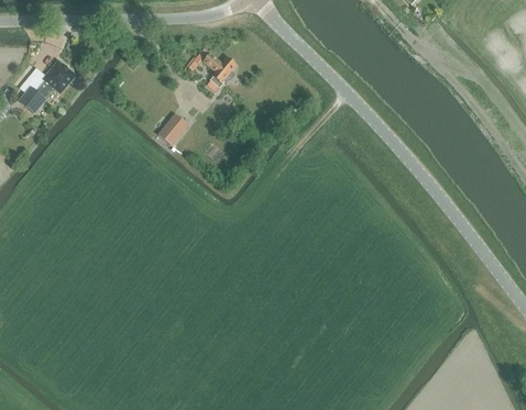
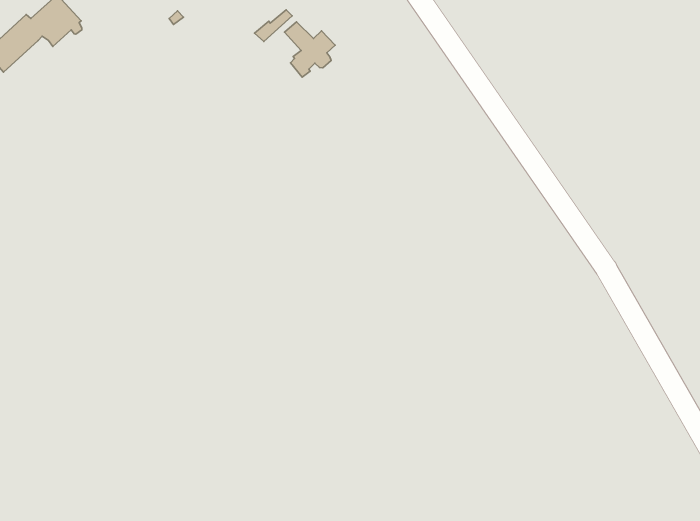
building: [160,115,189,147] -> none

